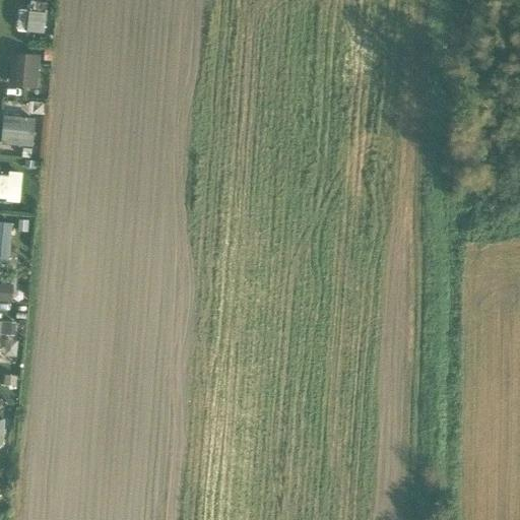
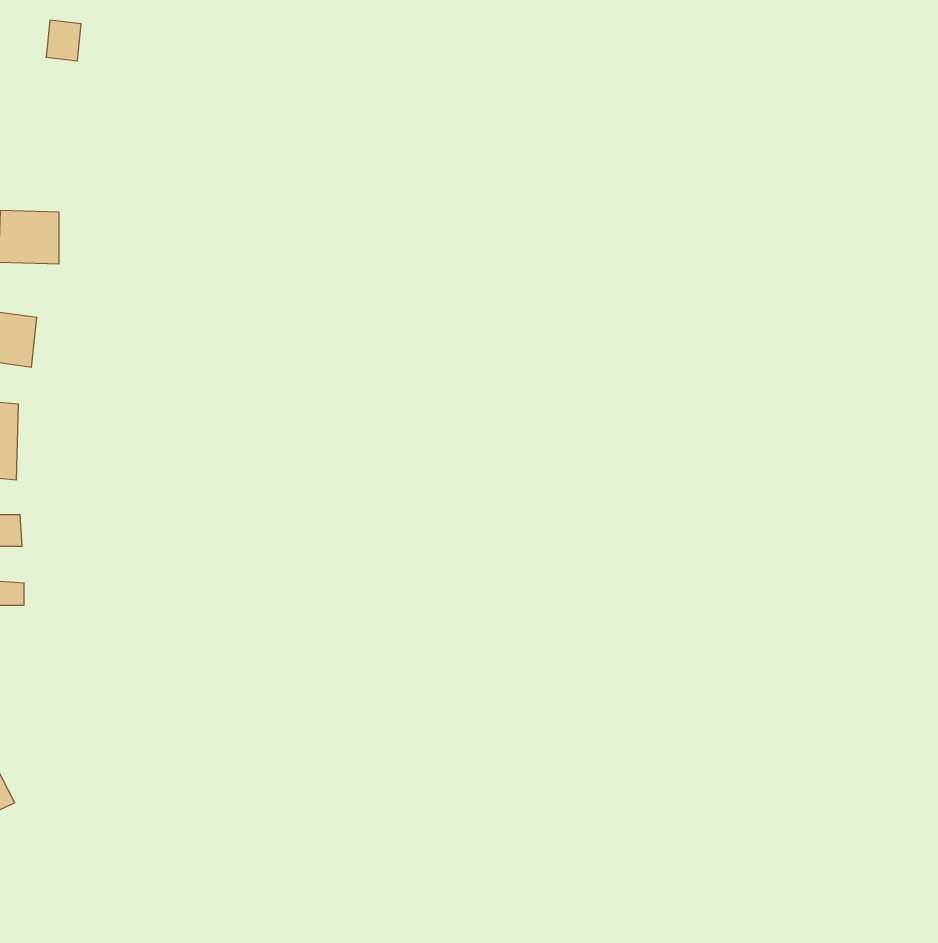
building: [7,53,38,87] -> none

